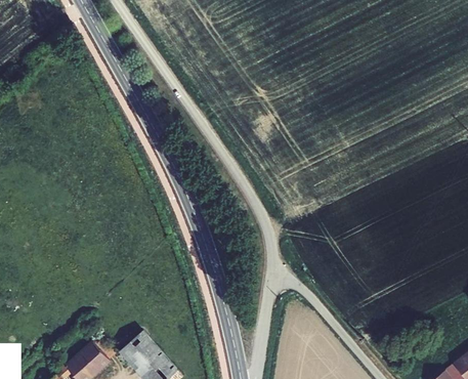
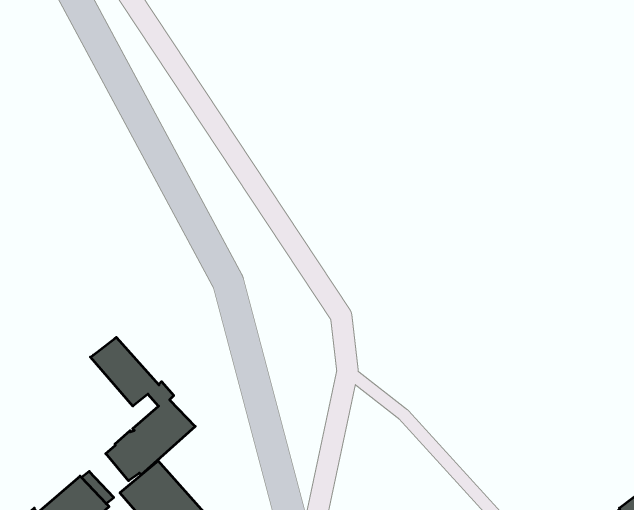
building: none -> [90,337,195,481]

